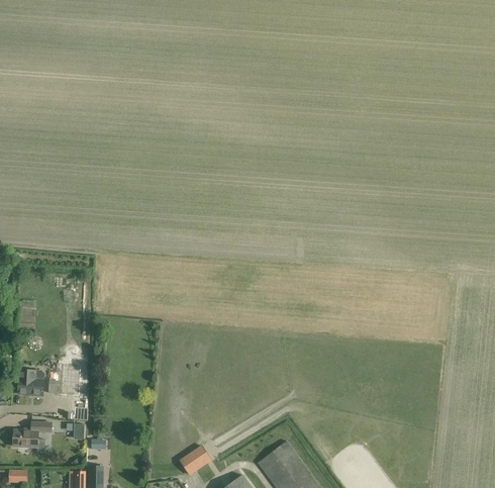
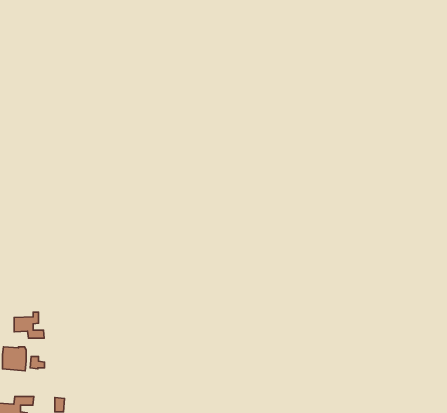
building: none -> [14,312,44,338]

